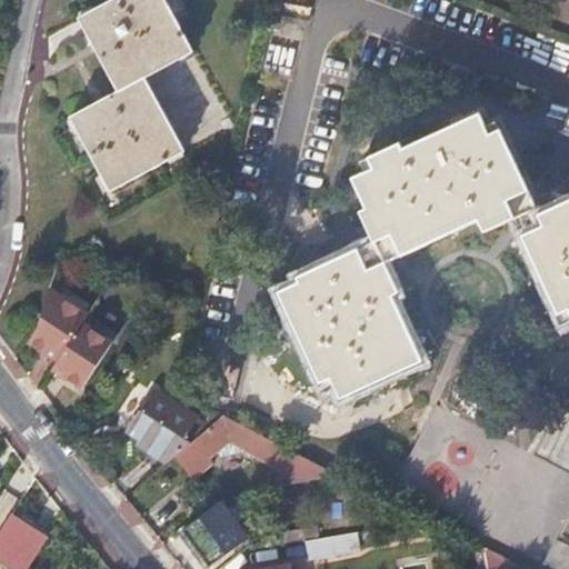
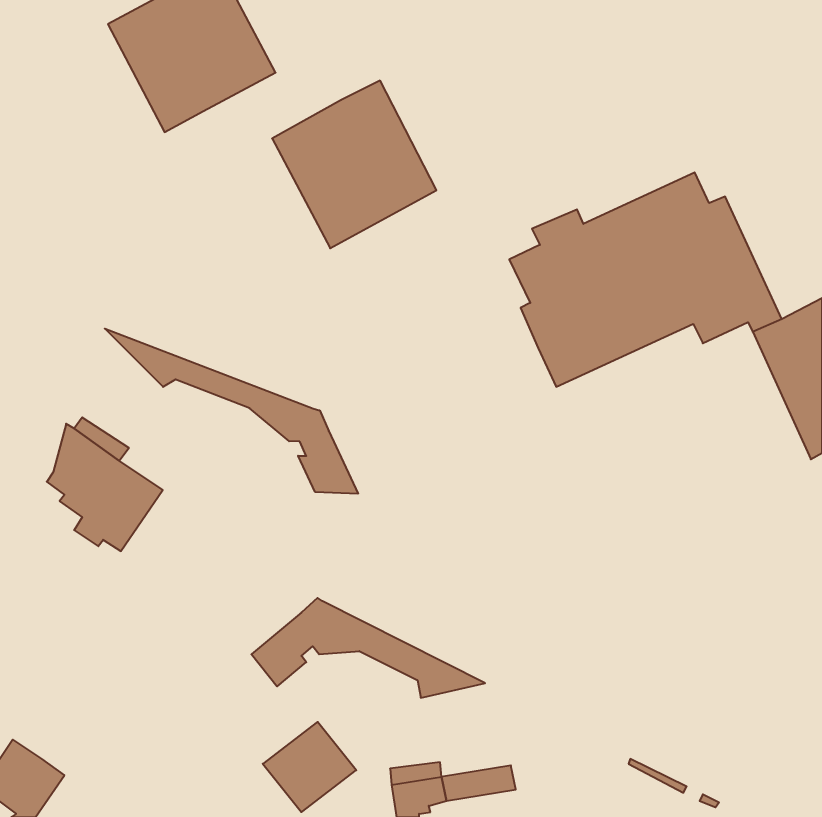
building: [69,76,182,191] -> [272,81,436,248]
building: none -> [105,329,358,494]
building: [278,240,423,401] -> none
building: [128,392,208,457] -> none

